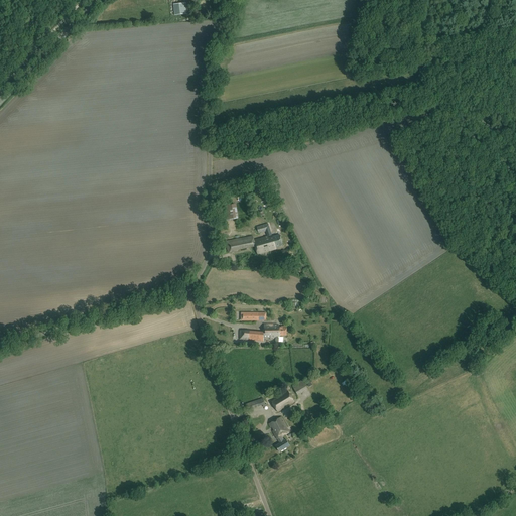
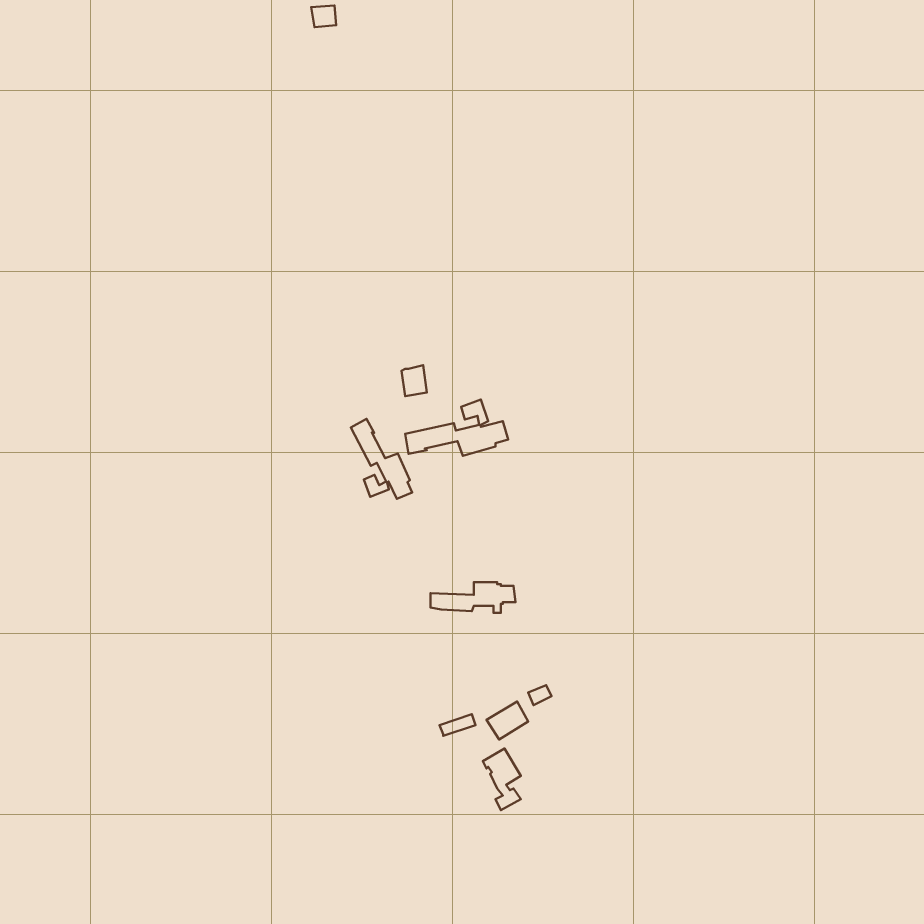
building: none -> [351,419,412,499]

